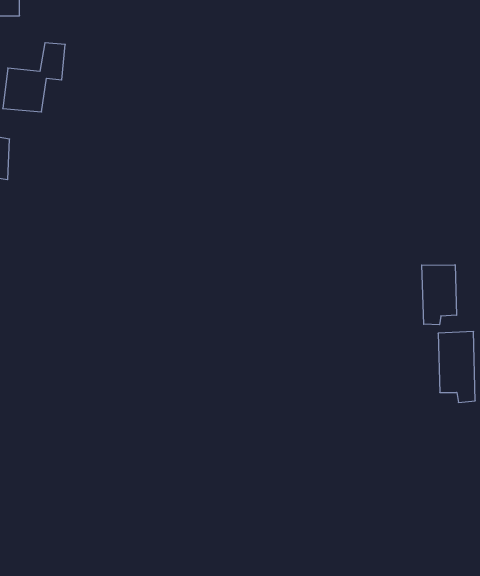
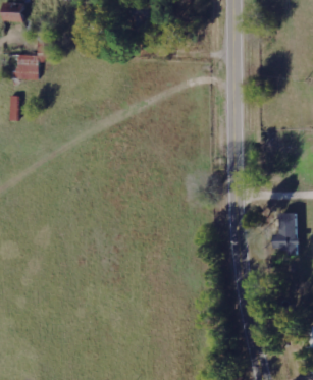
building: [422,265,457,325] -> none

